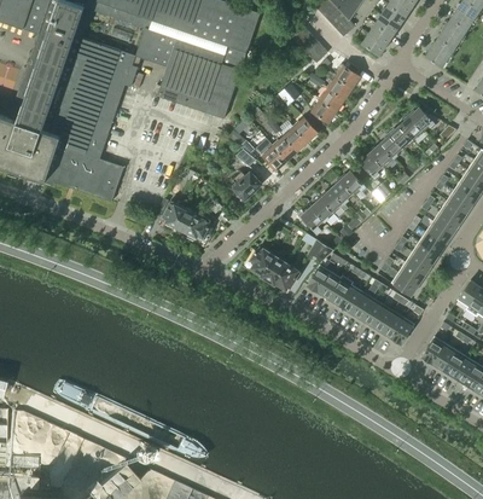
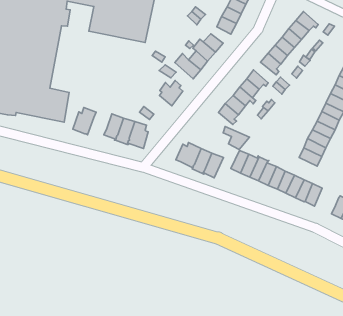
building: none -> [73,107,96,135]

